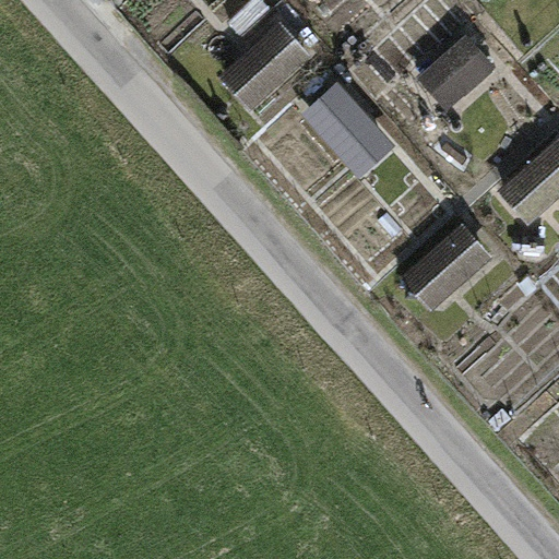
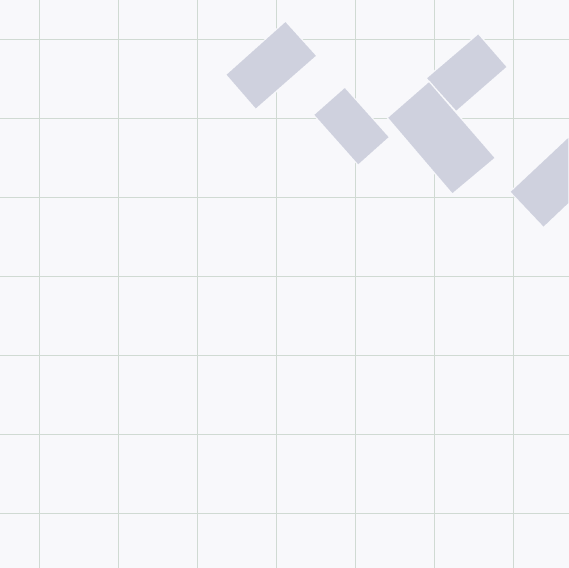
building: none -> [387,81,496,194]
building: [399,225,491,312] -> none

